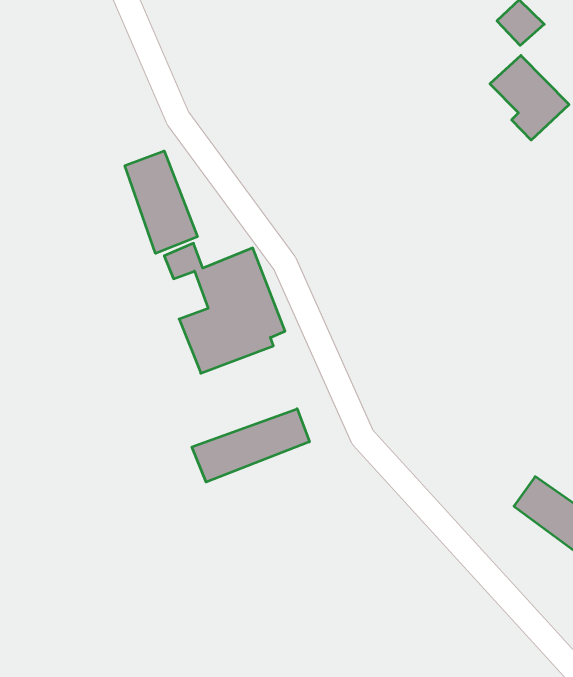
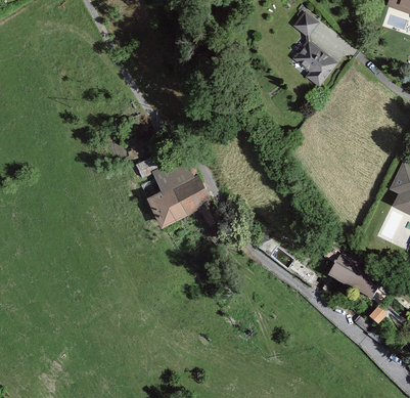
building: [125,151,197,253] -> none
building: [192,409,309,482] -> none

